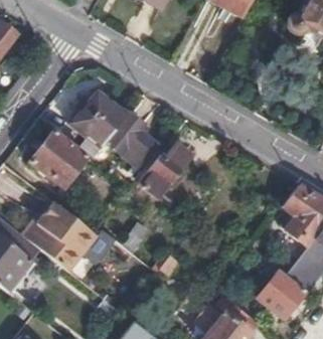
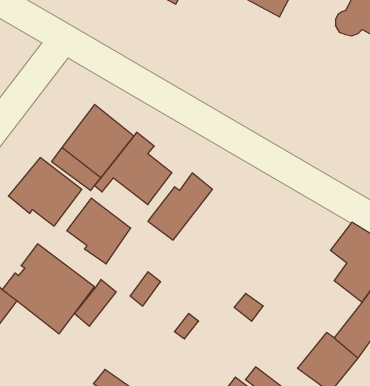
building: none -> [67,198,131,264]

